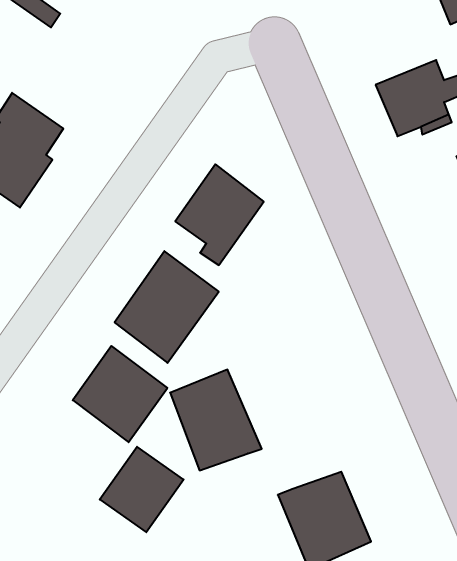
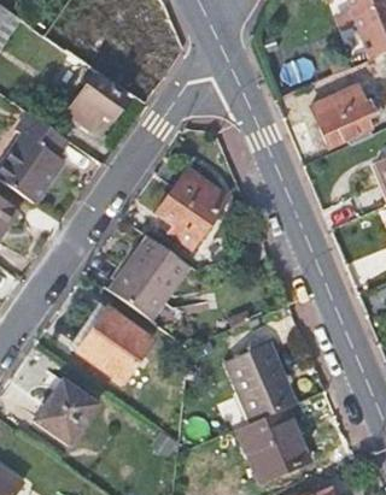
building: none -> [69,77,127,125]
building: [170,370,262,470] -> [226,341,297,419]
building: [100,447,184,532] -> [33,381,98,447]

